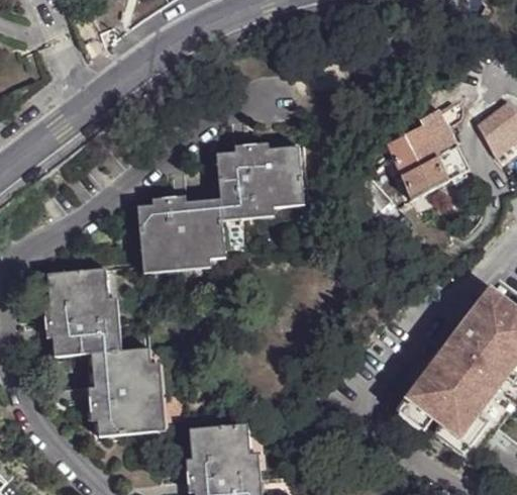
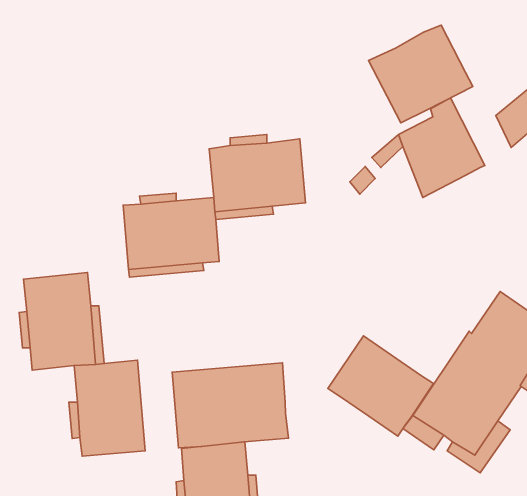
building: none -> [368,25,473,123]
building: none -> [328,336,434,436]
building: none -> [172,363,289,448]

